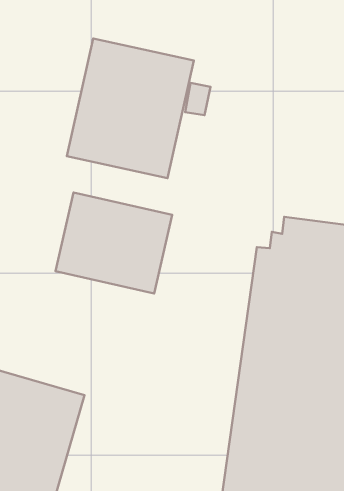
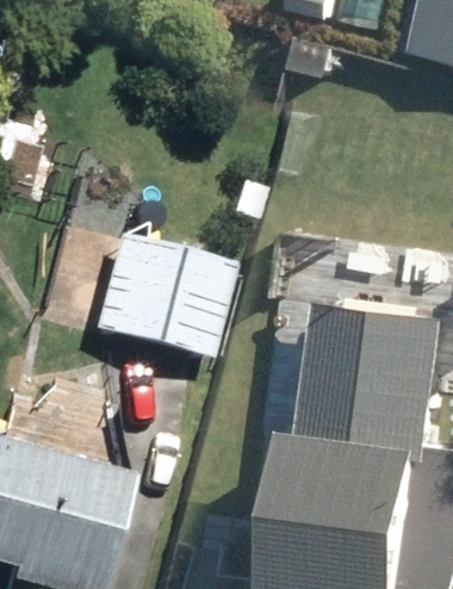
building: [67,38,194,178] -> none

